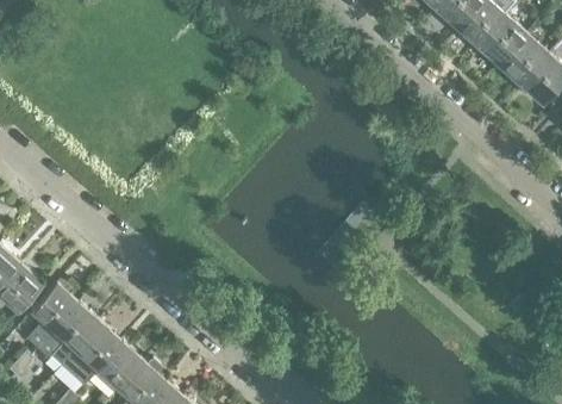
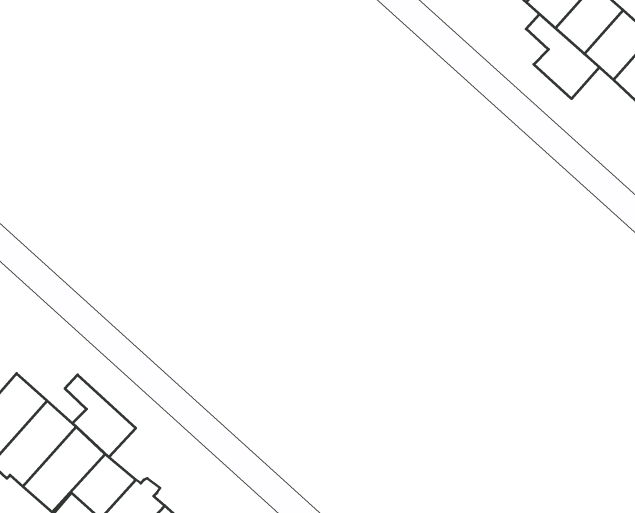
building: none -> [526,14,599,99]
building: none -> [65,375,136,457]

